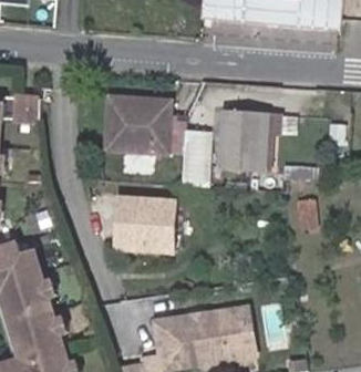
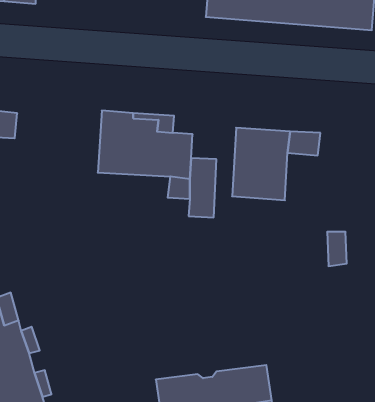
building: [116,198,174,251] -> none

